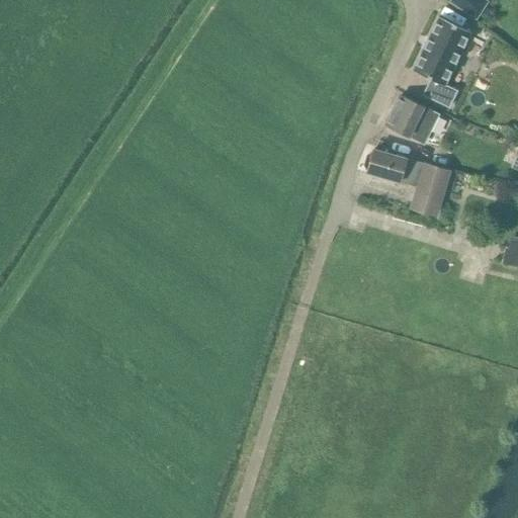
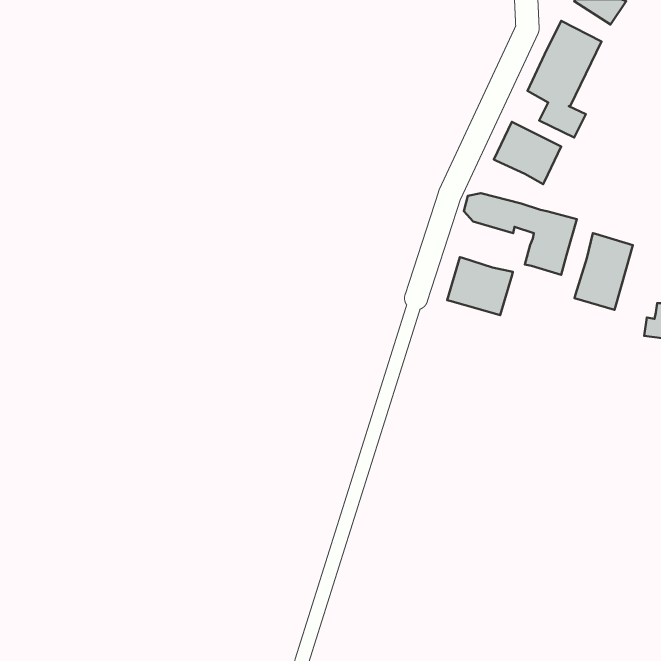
building: none -> [575,233,633,310]
building: none -> [447,257,513,315]

